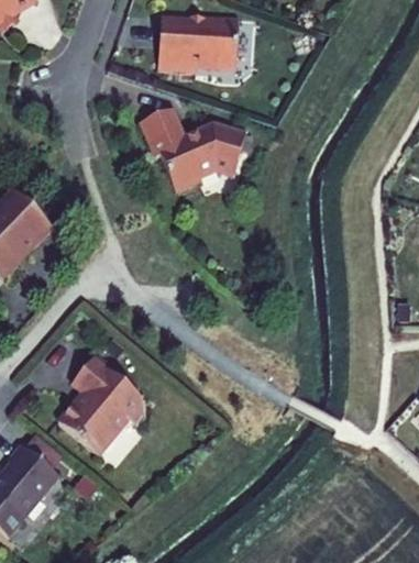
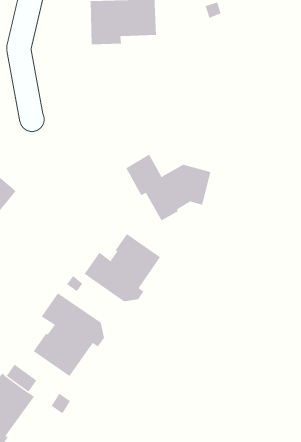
building: [143,107,243,187] -> [125,154,211,221]
building: none -> [84,233,161,302]

